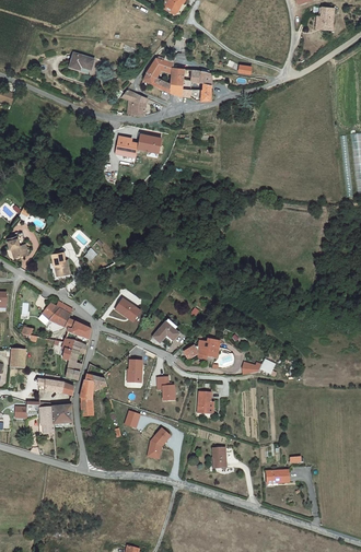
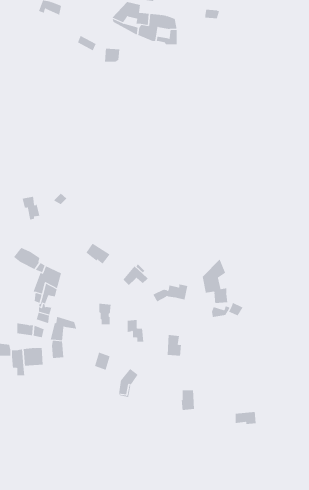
building: [113,133,158,157] -> none
building: none -> [202,259,228,304]

